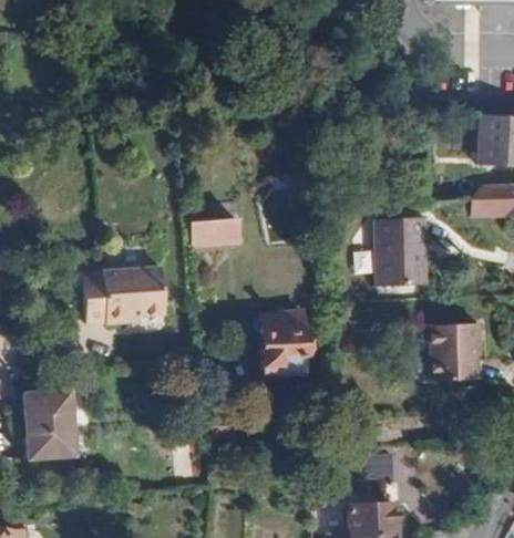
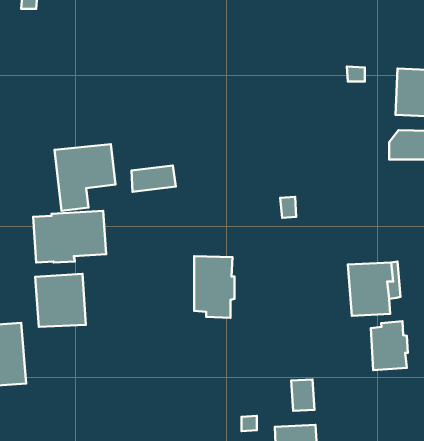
building: none -> [55,144,115,211]
building: [380,217,428,284] -> none
building: none -> [35,274,86,327]
building: none -> [371,321,408,370]

